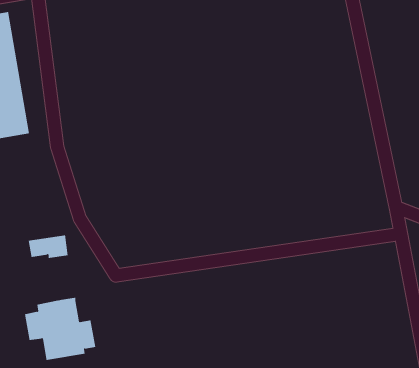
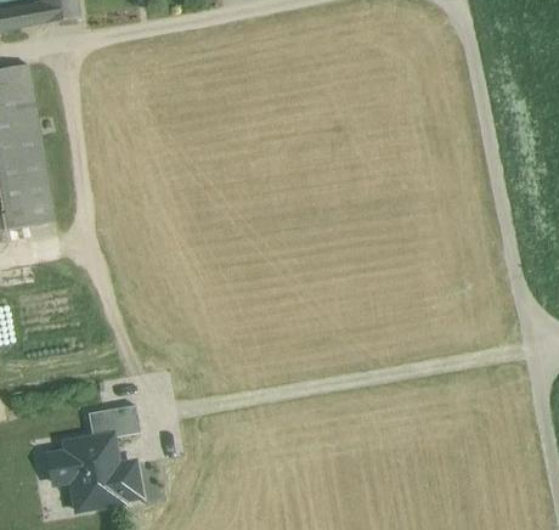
building: [28,235,69,259] -> [87,405,140,435]

